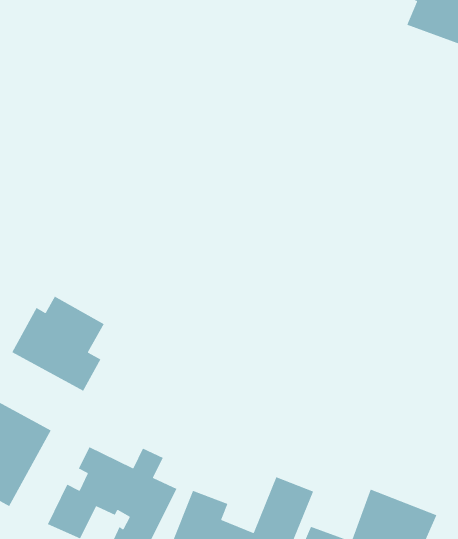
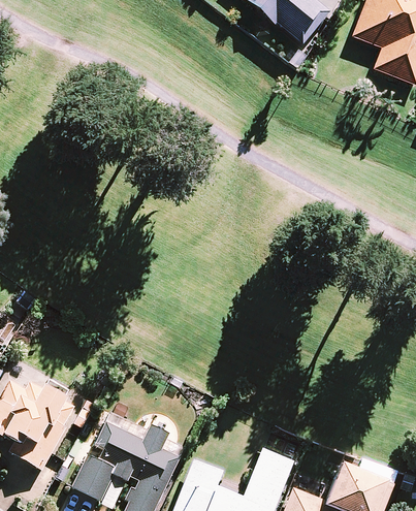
building: [11,295,105,392] -> none

